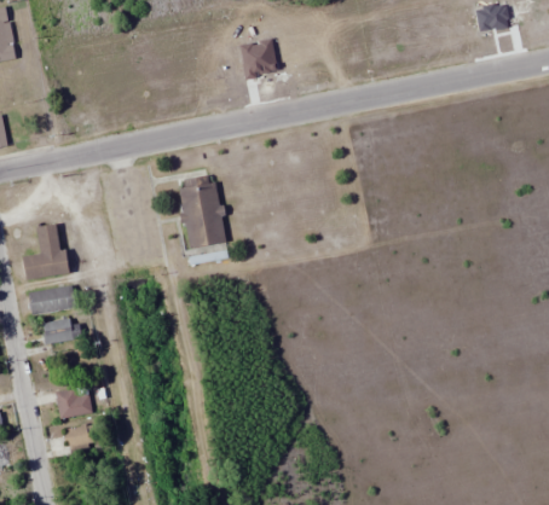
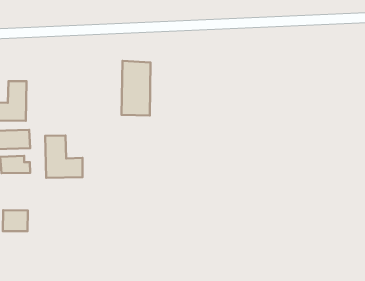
building: none -> [45,135,83,178]
building: [65,424,94,453] -> none

